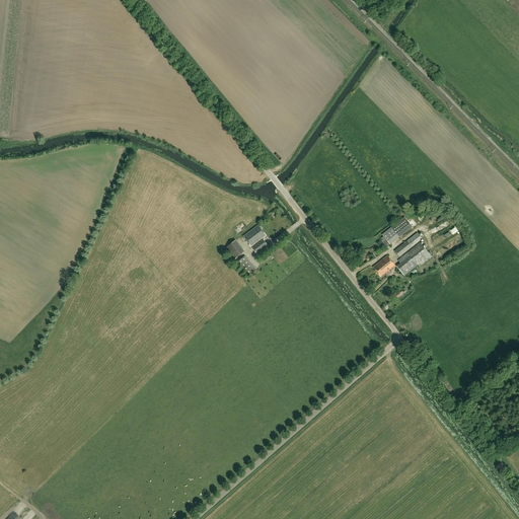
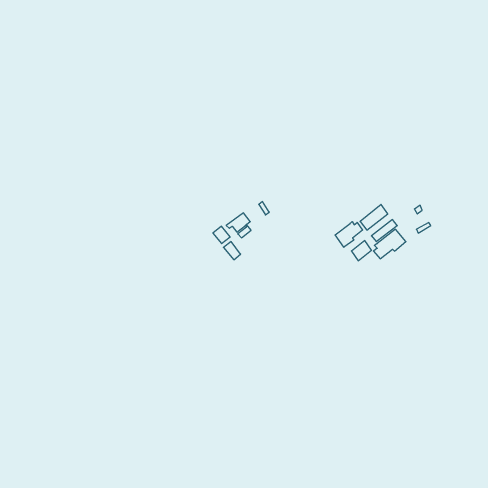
building: none -> [335,222,363,247]

